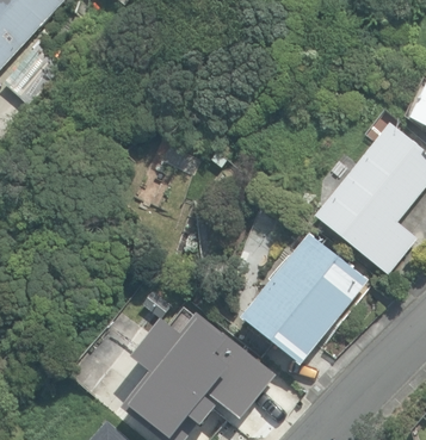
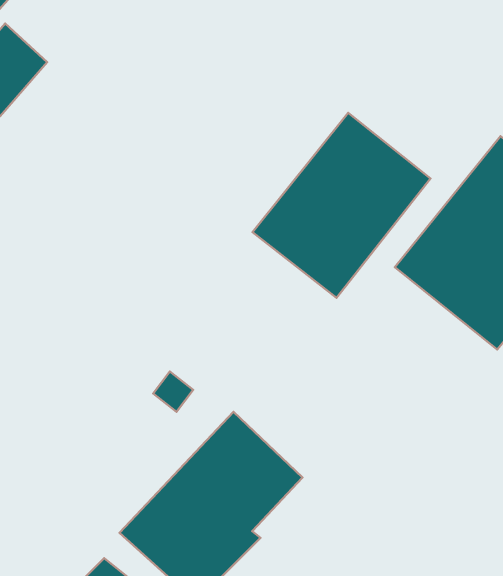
building: [242,233,369,364] -> [253,113,431,298]

